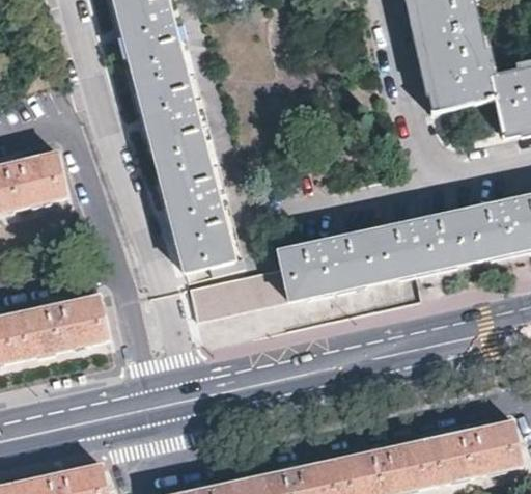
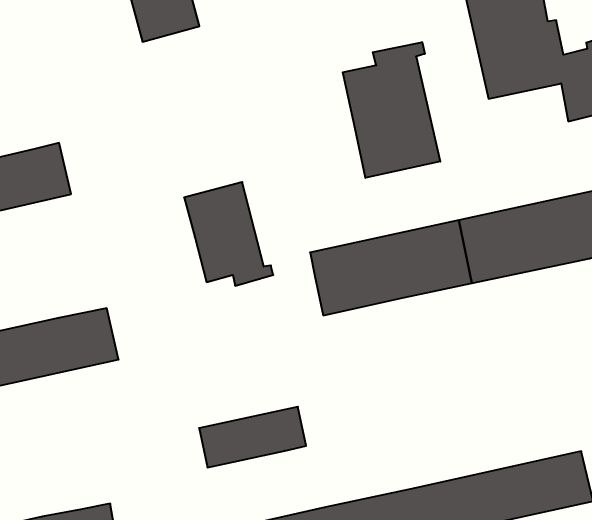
building: [130,50,217,199] -> none
building: none -> [343,42,440,178]
building: [194,268,287,321] -> [199,407,306,467]

